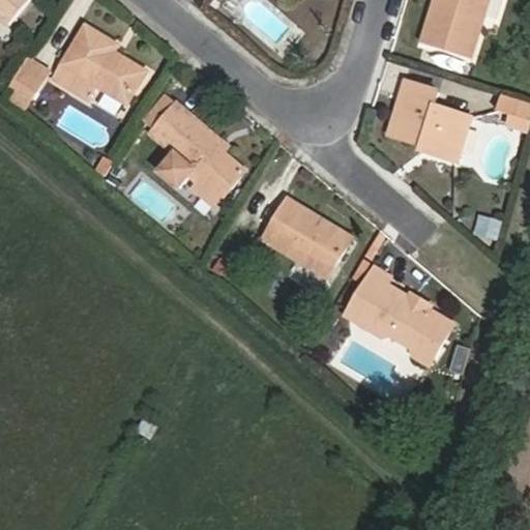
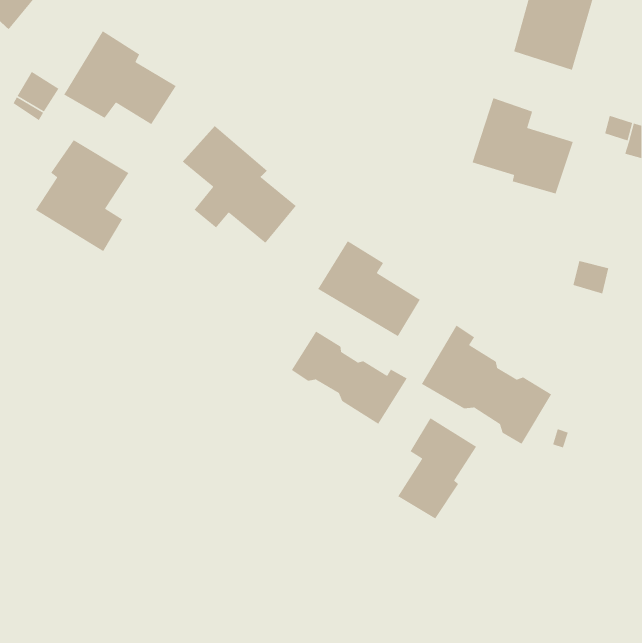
building: none -> [35,139,129,252]
building: none -> [291,330,408,425]
building: none -> [397,417,477,520]

